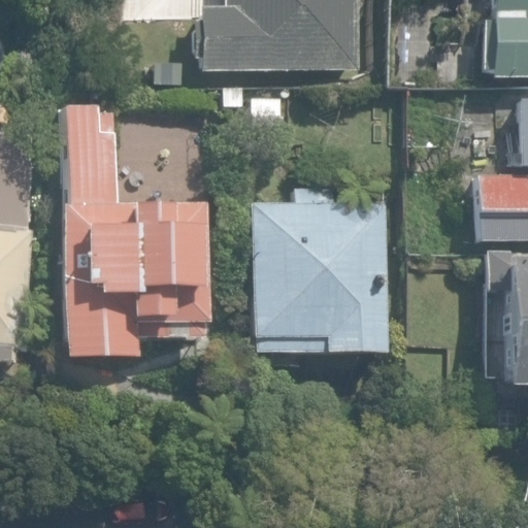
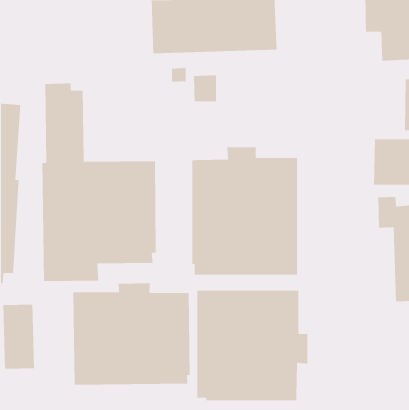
building: none -> [72,283,191,386]
building: none -> [196,290,308,401]

